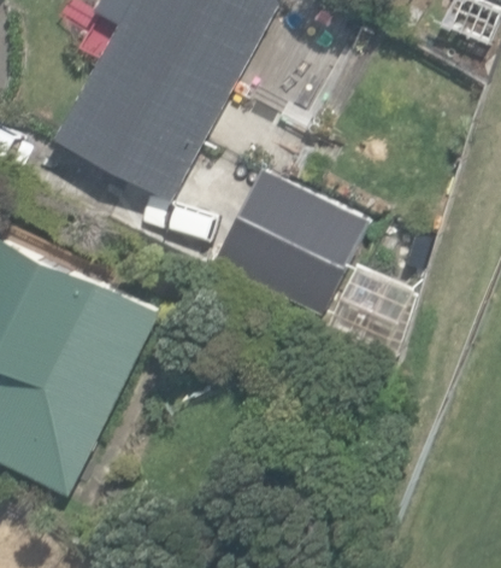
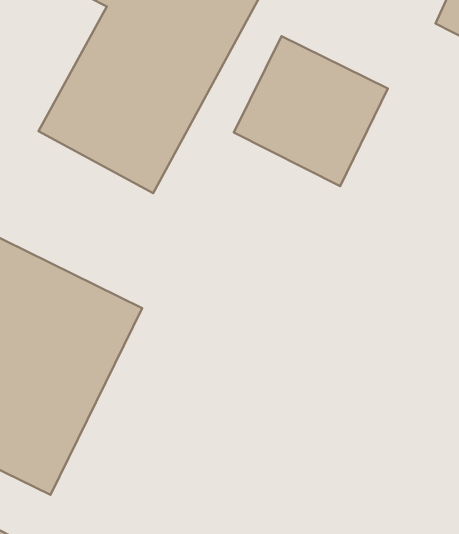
building: [208,166,360,315] -> [234,36,388,186]

